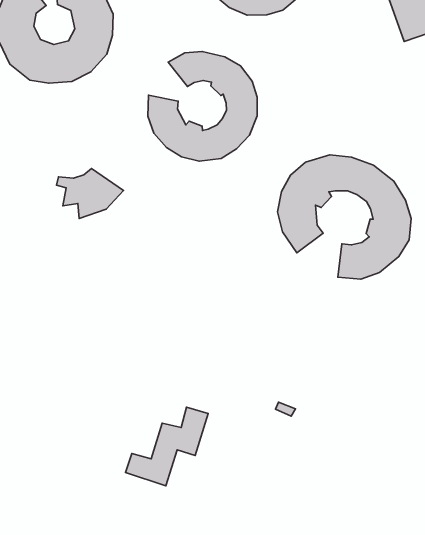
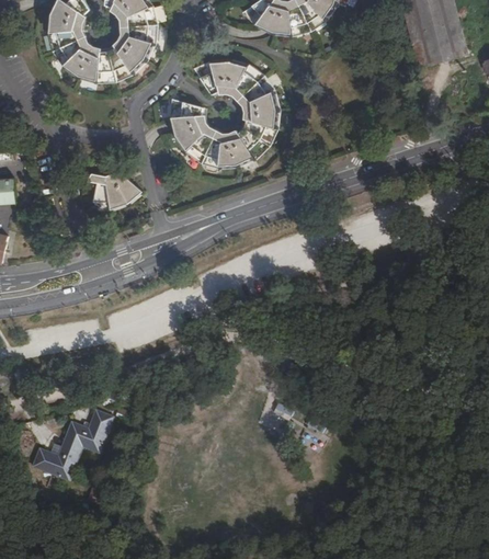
building: [278,155,411,279] -> none
building: [125,407,208,486] -> [30,406,112,478]

